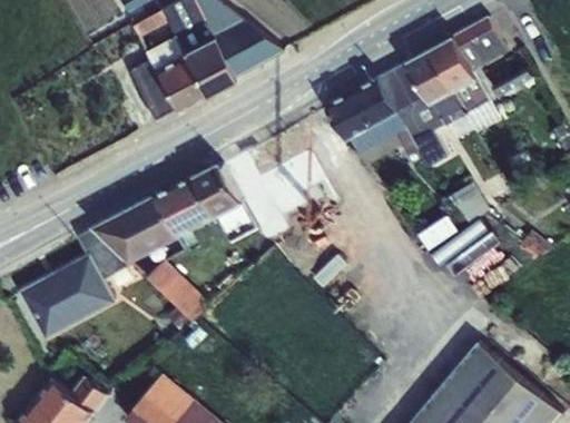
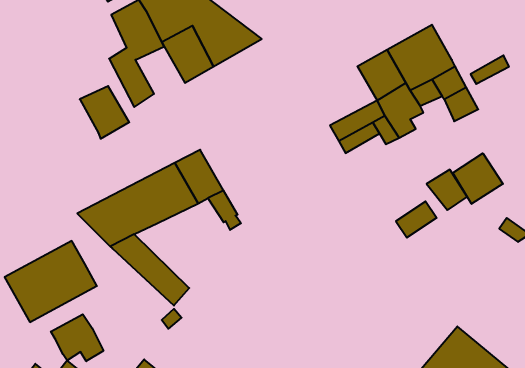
building: [454,18,507,71] -> none
building: [154,58,204,111] -> [80,86,129,139]
building: [327,78,399,140] -> none
building: none -> [453,153,503,204]
building: [78,227,130,278] -> none
building: none -> [51,314,103,361]

